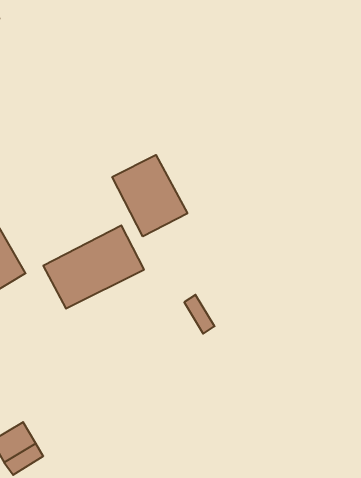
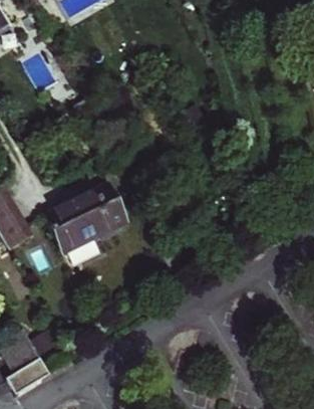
building: [112,155,187,236] -> none

